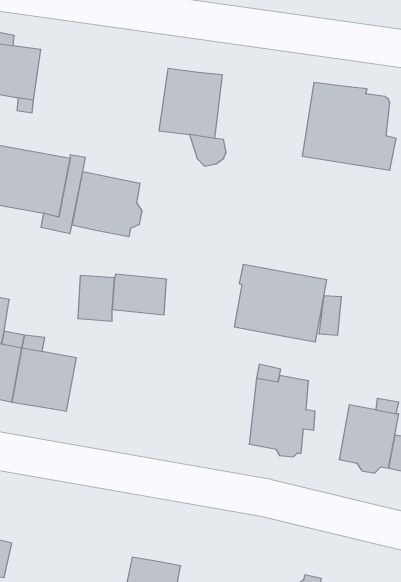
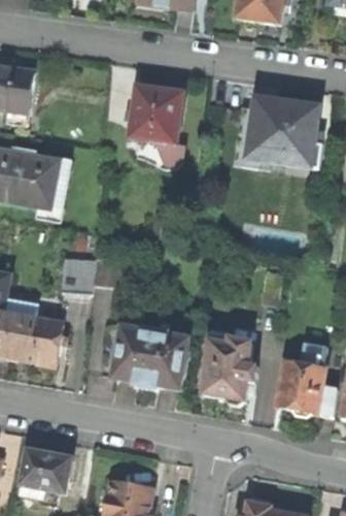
building: [72,172,142,237] -> none
building: [234,265,327,342] -> [112,324,187,387]
building: none -> [19,451,67,498]

